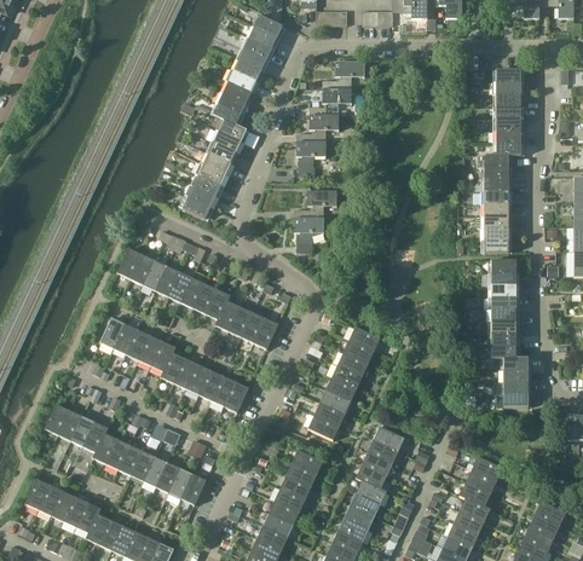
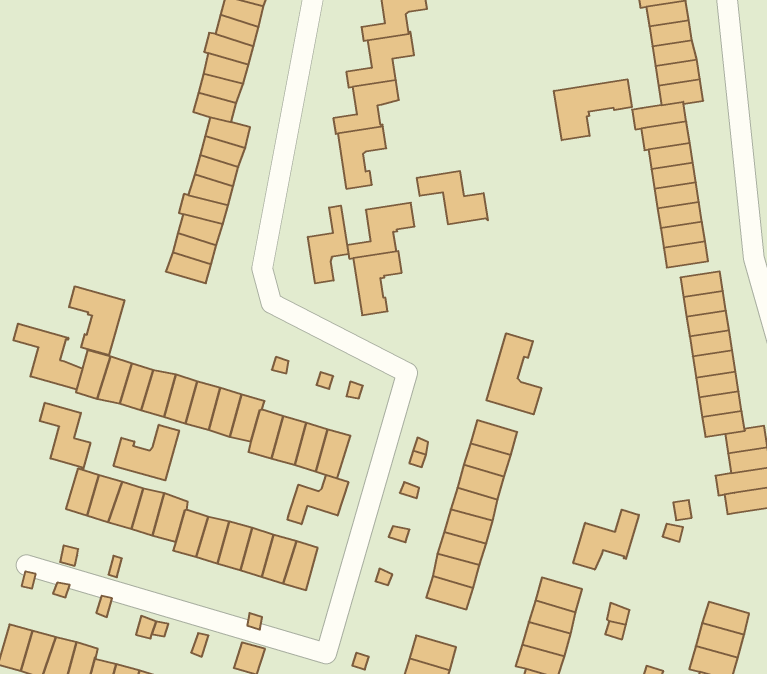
building: none -> [554,79,632,140]
building: none -> [417,171,488,224]
building: none -> [308,206,348,283]
building: none -> [69,286,124,355]
building: none -> [13,324,82,389]
building: none -> [40,403,90,470]
building: none -> [486,333,541,414]
building: none -> [114,425,179,480]
building: none -> [287,475,348,524]
building: none -> [573,510,639,570]

